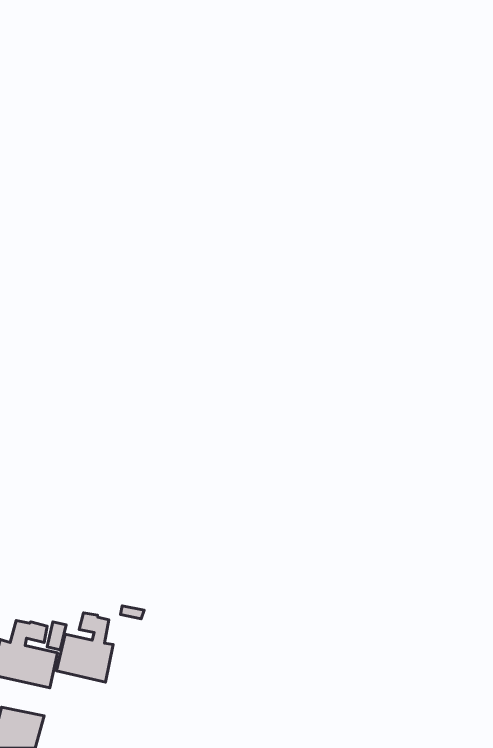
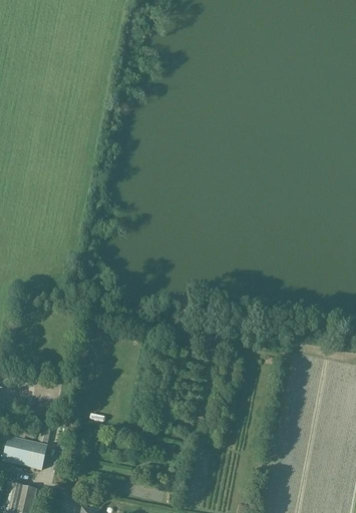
building: [56,613,113,682] -> none

